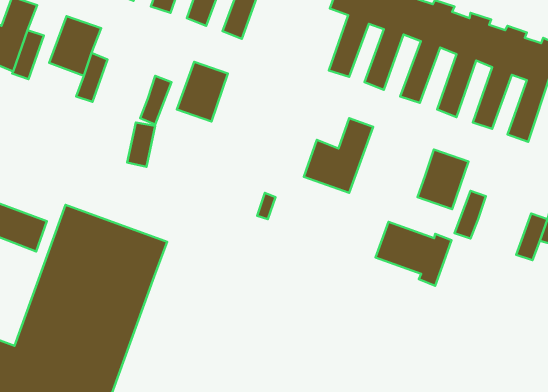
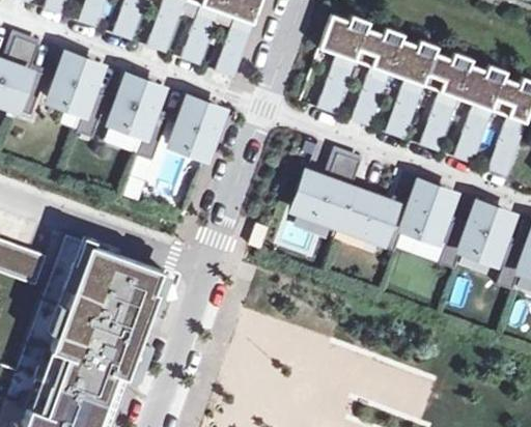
building: none -> [111,78,160,135]
building: none -> [460,204,510,261]
building: [375,222,451,286] -> [337,191,410,252]

